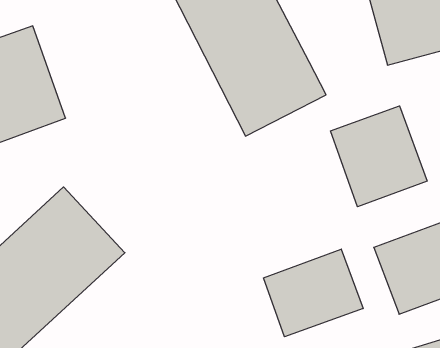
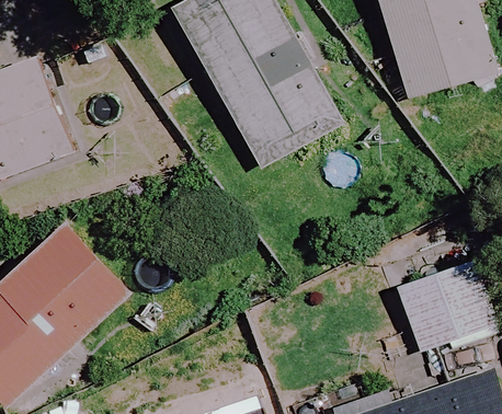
building: [331,106,427,207] -> none
building: [263,249,363,337] -> none

